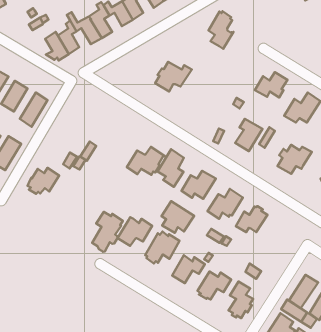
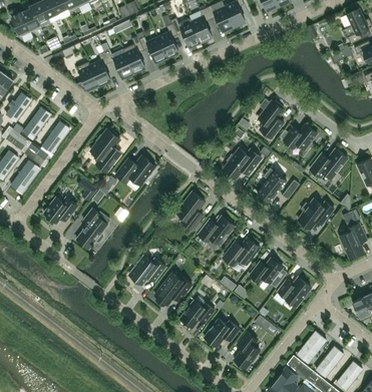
building: [208,11,234,49] -> [259,100,284,138]
building: [155,62,192,92] -> [224,148,262,178]
building: none -> [90,129,121,172]
building: [127,147,166,175] -> [116,156,156,184]
building: [162,201,194,233] -> none
building: [92,212,123,252] -> [77,209,110,249]
building: none -> [279,278,311,306]

